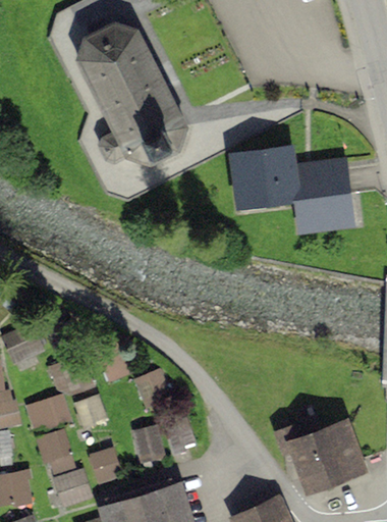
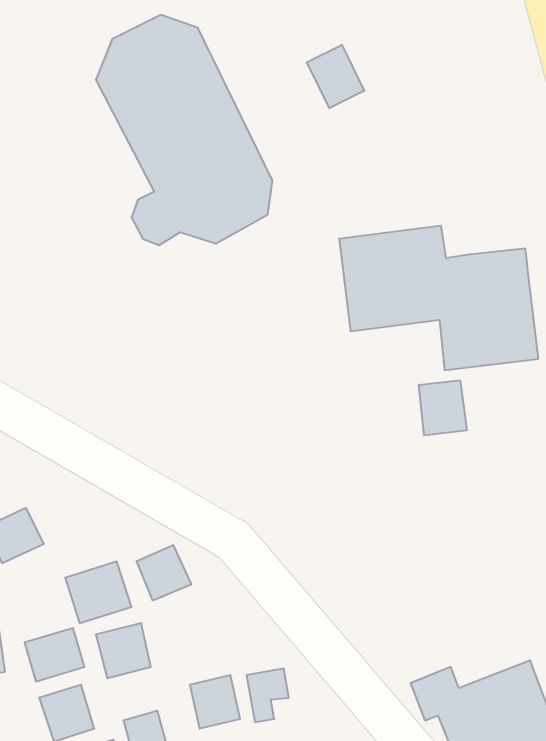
building: none -> [307,45,364,108]
building: none -> [419,380,467,435]
building: [140,373,175,412] -> none

